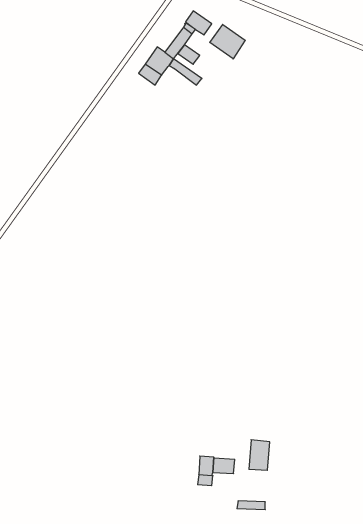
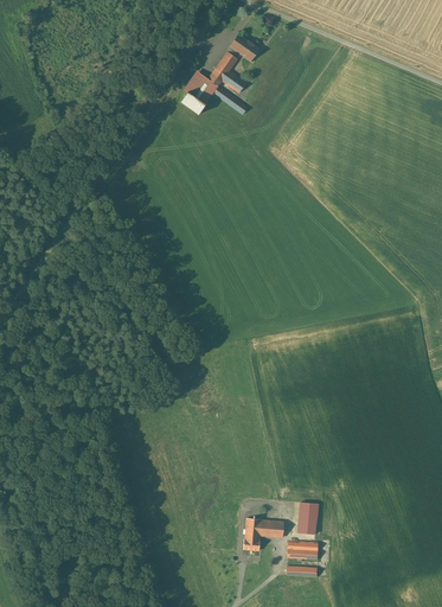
building: [210,24,245,59] -> none
building: none -> [287,541,319,560]

